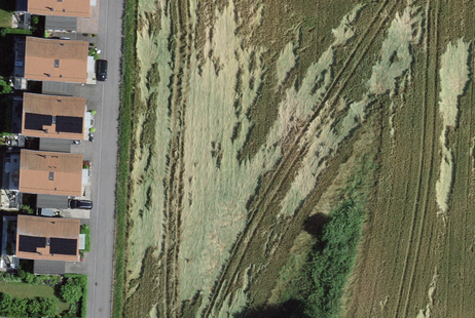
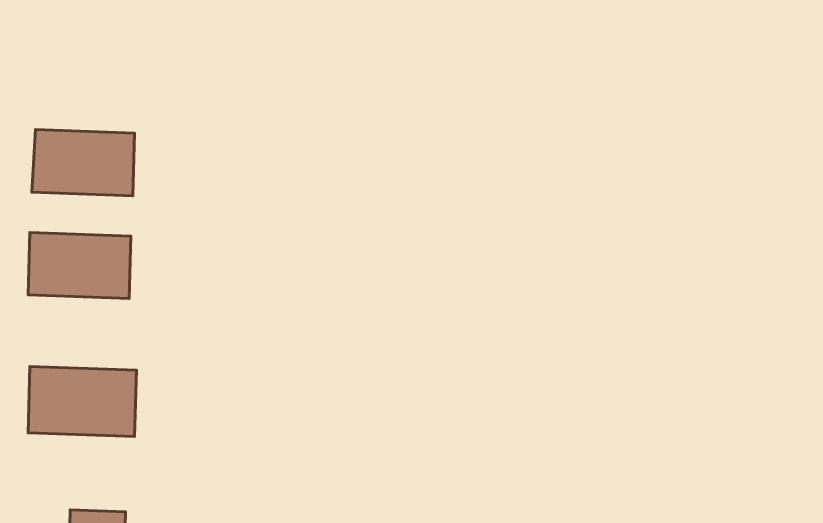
building: [24,41,81,78] -> none

